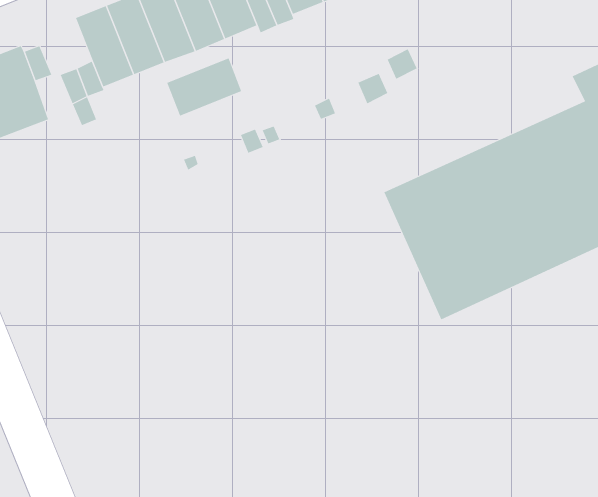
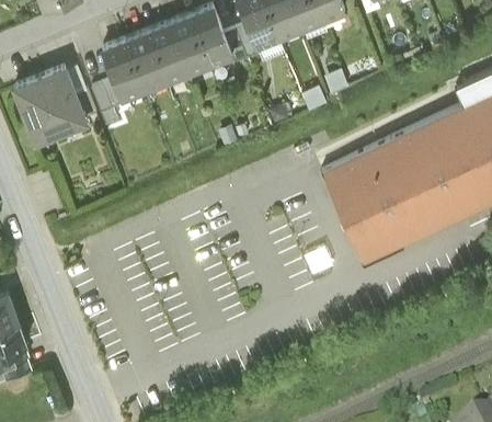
building: [167,58,242,117] -> none

